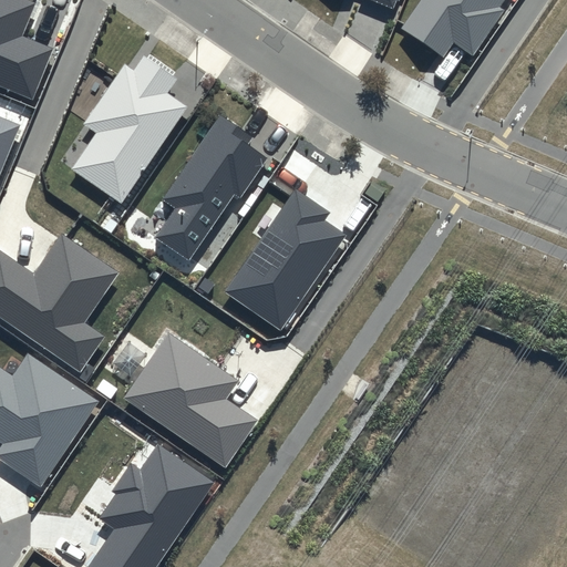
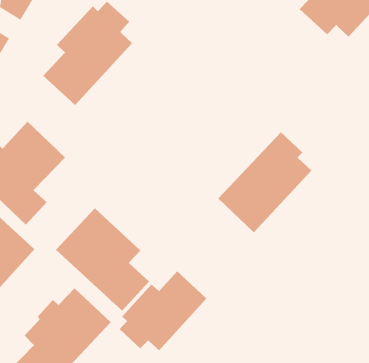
building: [154,115,268,260] -> none
building: [225,189,346,330] -> [217,132,312,233]
building: none -> [119,270,207,351]

